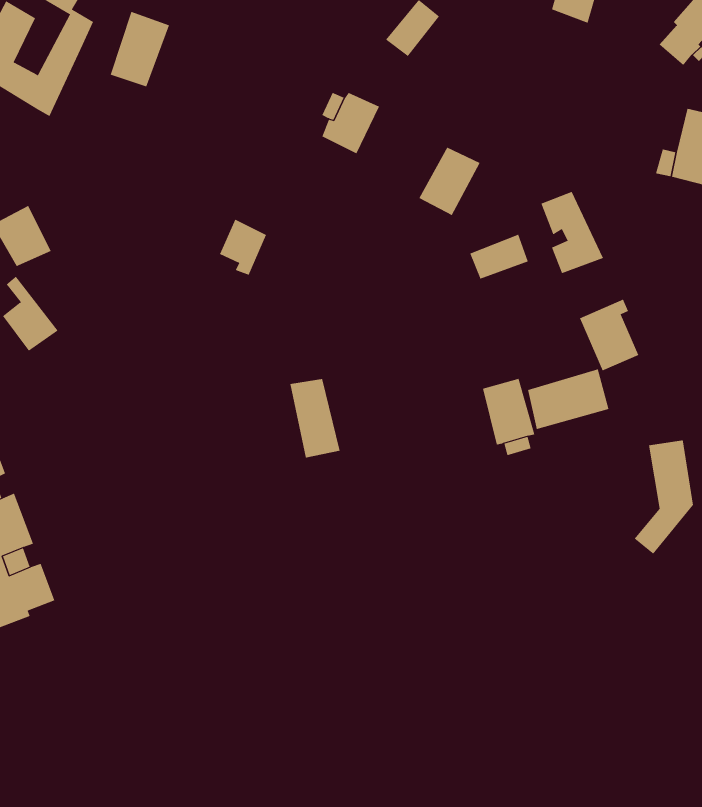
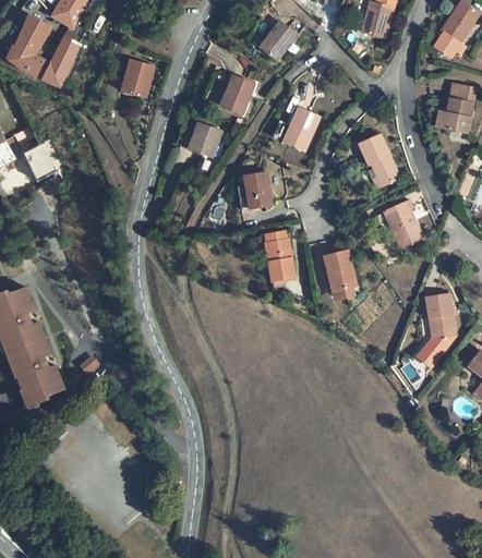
building: [110,11,170,87] -> [126,54,164,101]
building: [219,219,267,275] -> [197,120,227,155]
building: [469,234,529,280] -> none
building: none -> [246,171,274,207]
building: [528,369,609,430] -> none
building: [289,379,341,458] -> [263,236,294,286]

